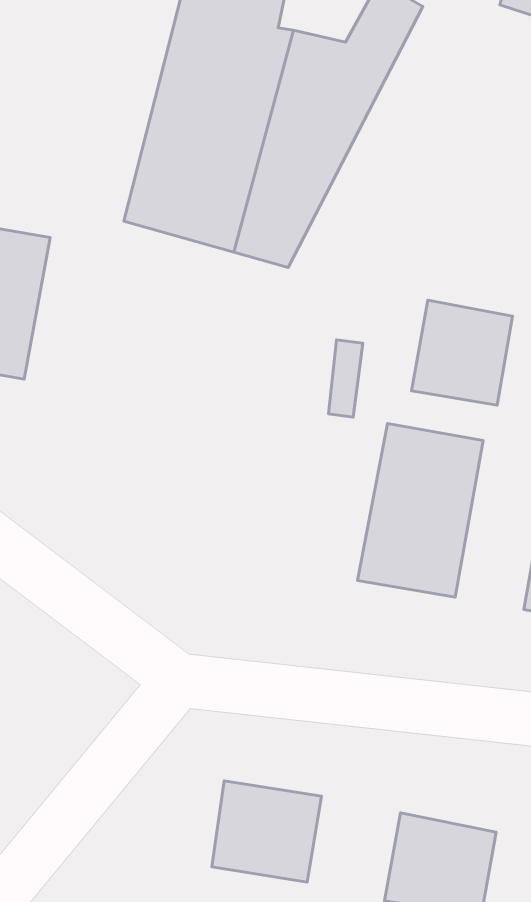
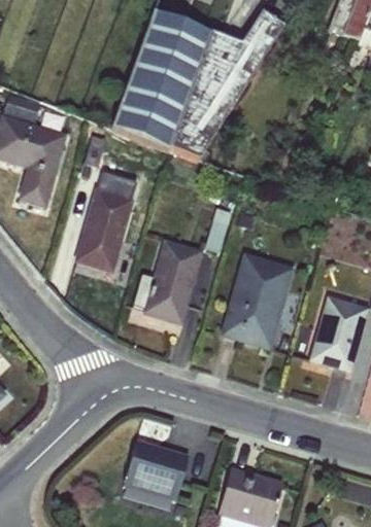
building: [411,300,513,405] -> none
building: none -> [74,176,137,275]
building: none -> [133,239,204,326]

